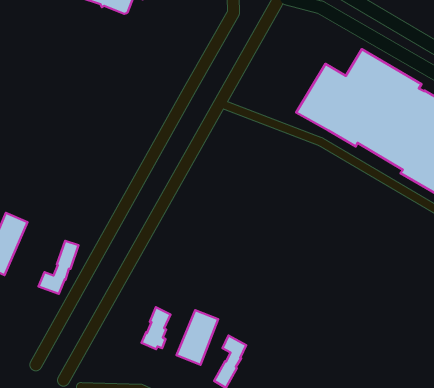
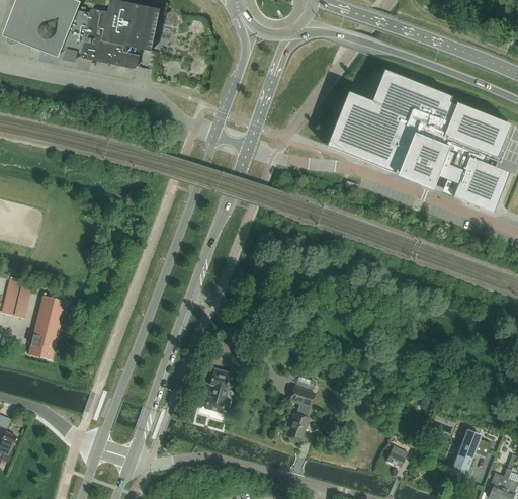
building: [38,241,79,294] -> none
building: [176,310,218,365] -> none

